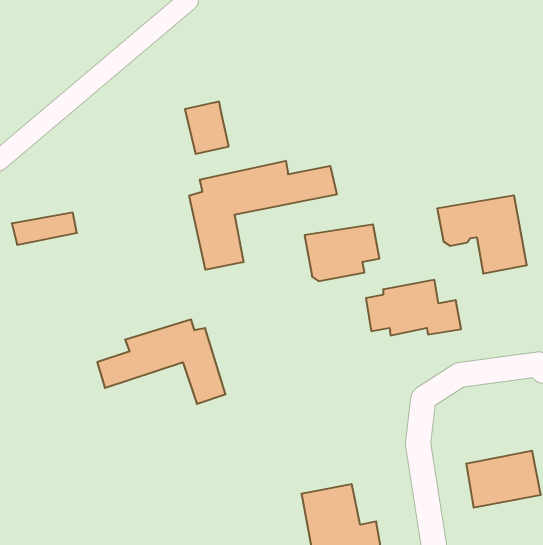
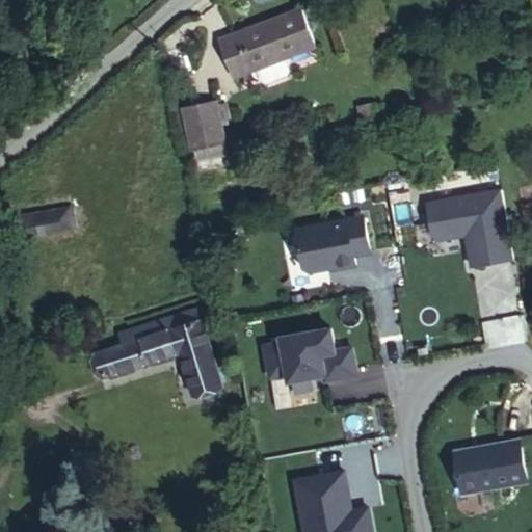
building: none -> [217,9,313,77]
building: [189,161,337,270] -> none
building: [366,280,461,335] -> [263,328,355,382]

